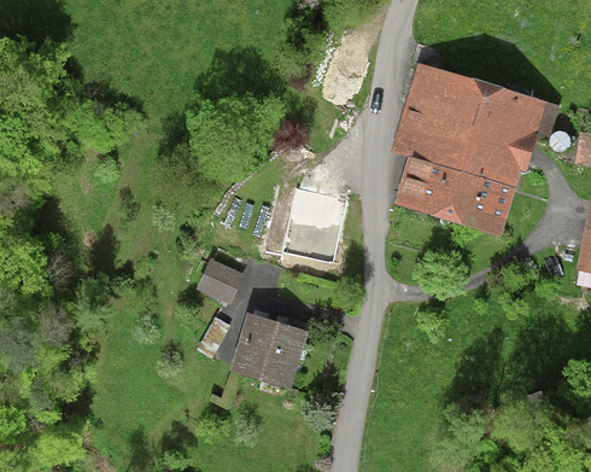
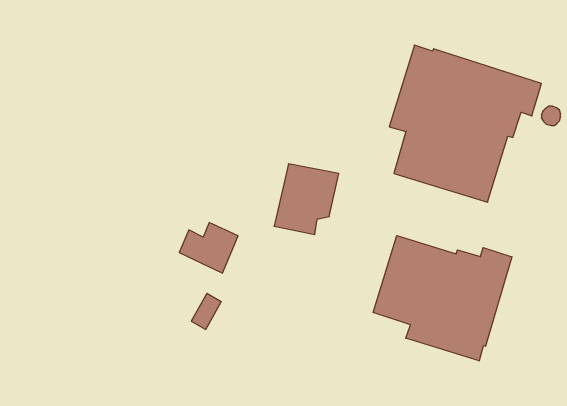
building: none -> [373,236,512,361]
building: [236,319,300,381] -> none

